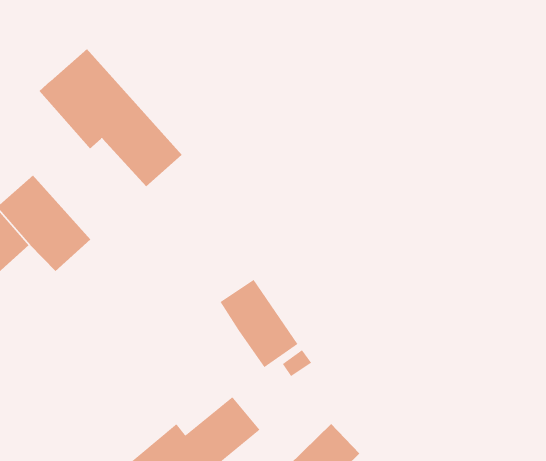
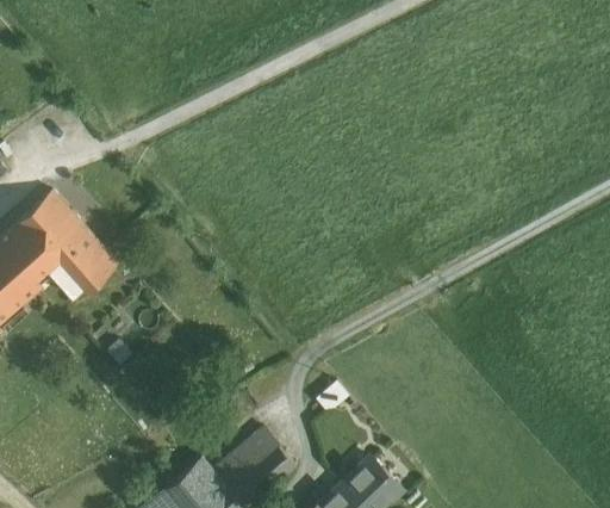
building: [38,48,183,187] -> none
building: [219,279,299,368] -> none

